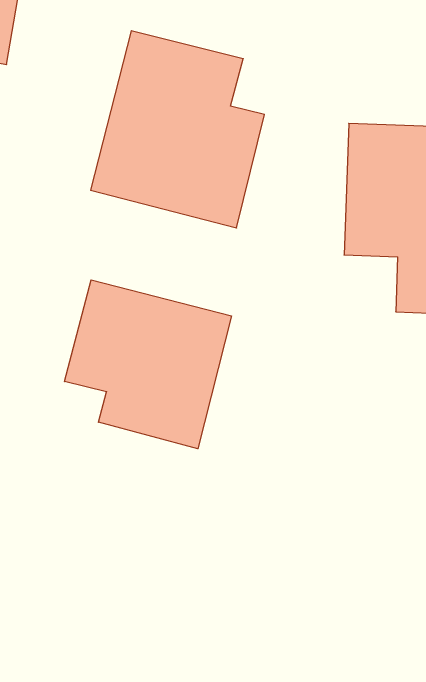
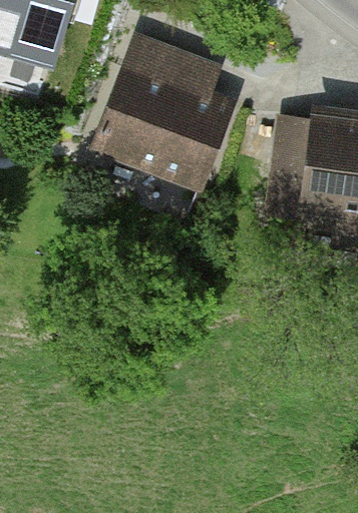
building: [65,280,231,449] -> none

